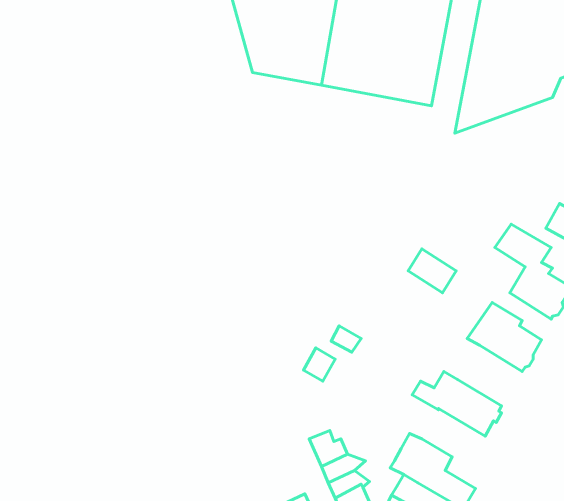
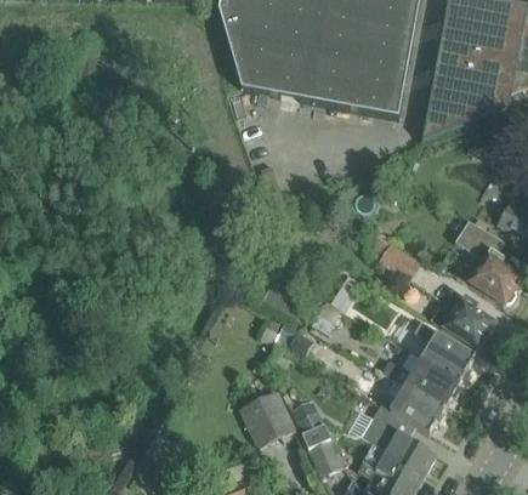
building: none -> [415,320,477,380]
building: none -> [380,382,447,432]
building: none -> [239,389,296,446]

